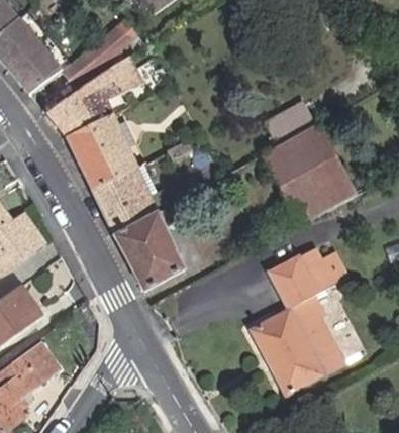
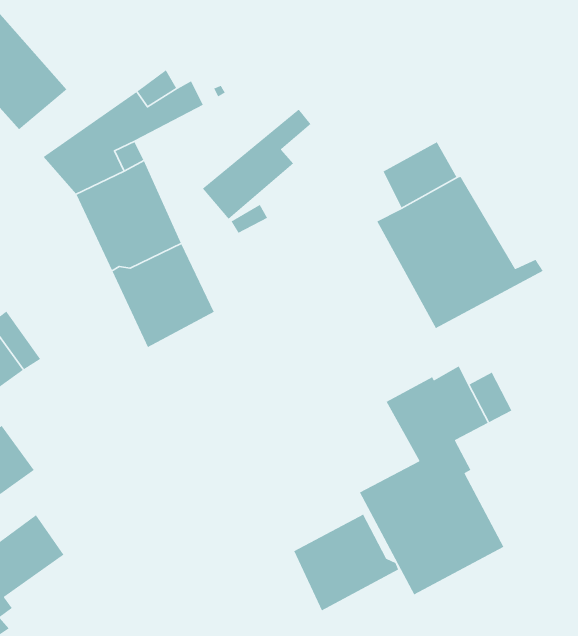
building: [63,17,133,89] -> [202,109,311,220]
building: [114,206,183,290] -> none
building: none -> [293,514,399,612]

